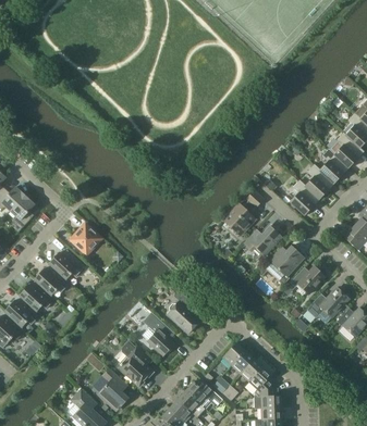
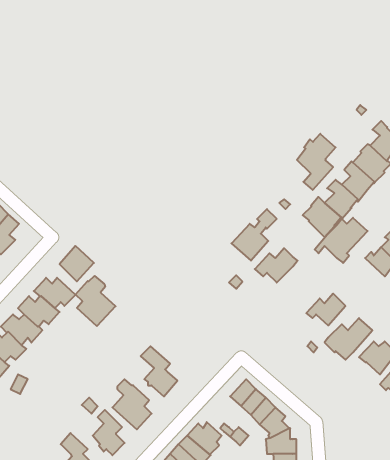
building: none -> [297,134,336,190]
building: [258,245,305,285] -> [315,218,368,263]
building: none -> [75,276,116,326]
building: [167,289,200,334] -> none

